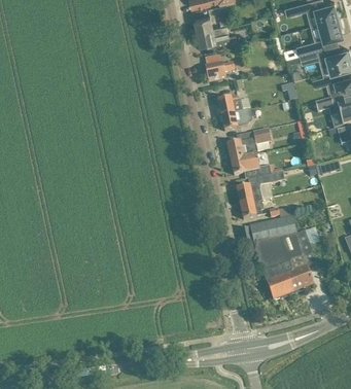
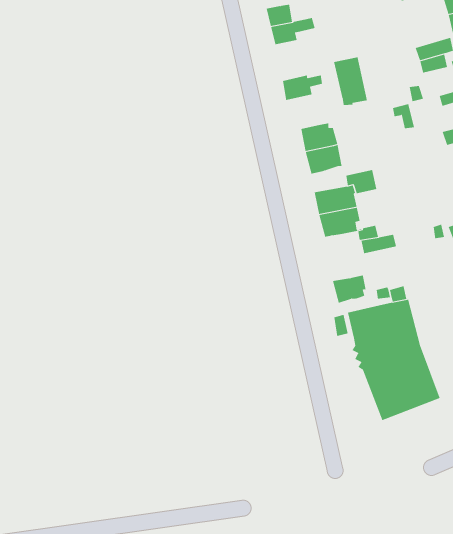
building: none -> [334,56,368,106]
building: [237,185,262,206] -> none

